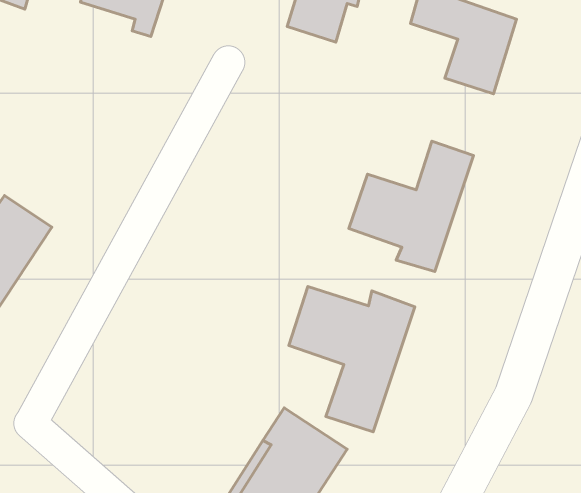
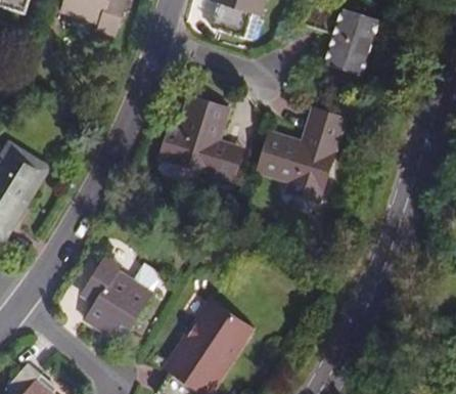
building: none -> [156,92,239,178]
building: [289,287,415,432] -> none
building: none -> [86,262,148,340]

